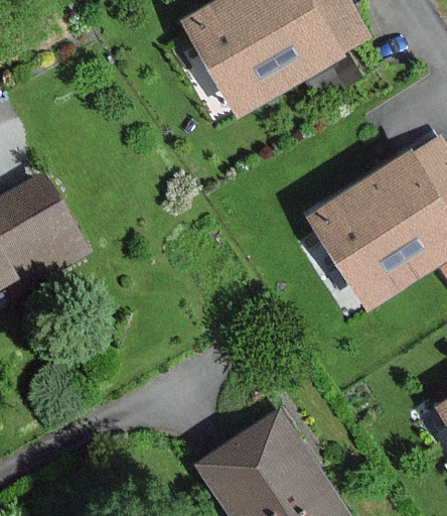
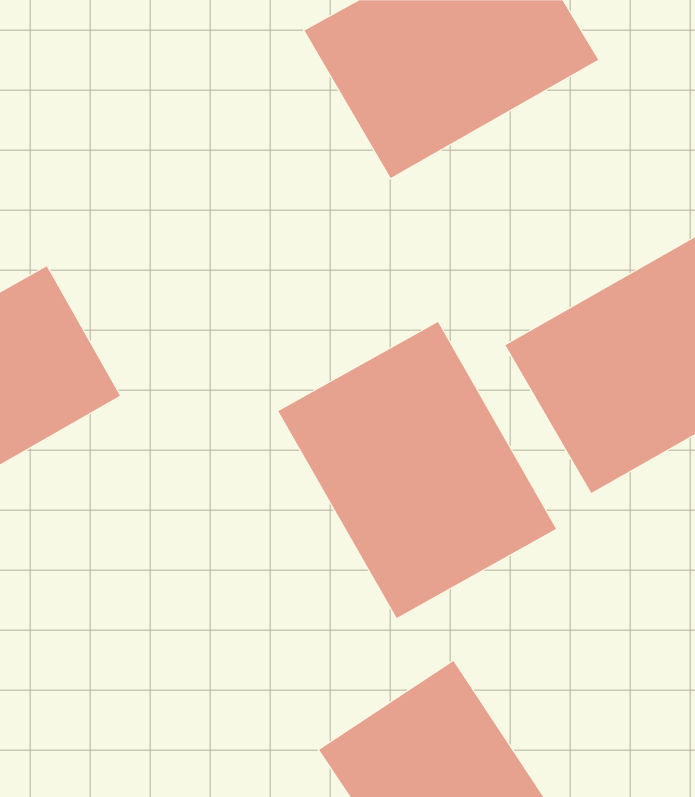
building: none -> [278,321,557,619]

